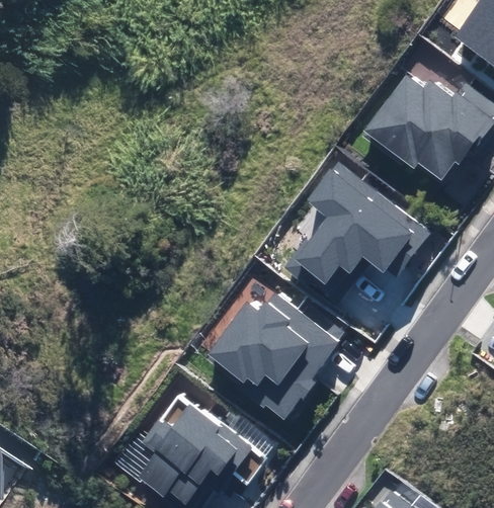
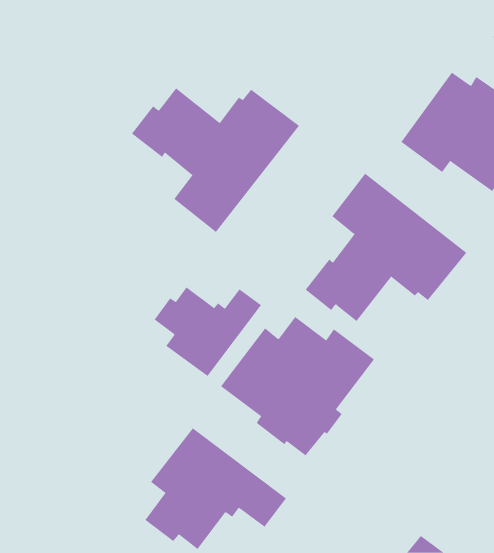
building: none -> [131,88,300,233]
building: none -> [154,287,262,377]

